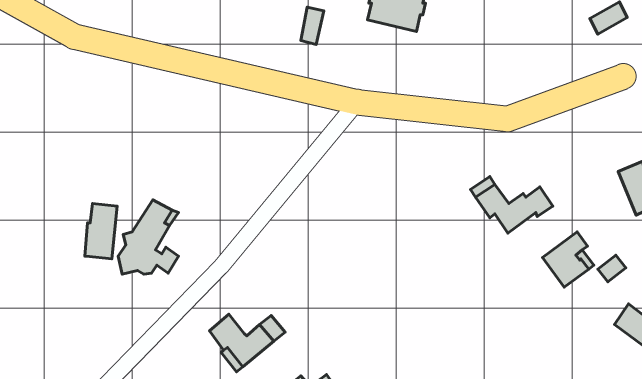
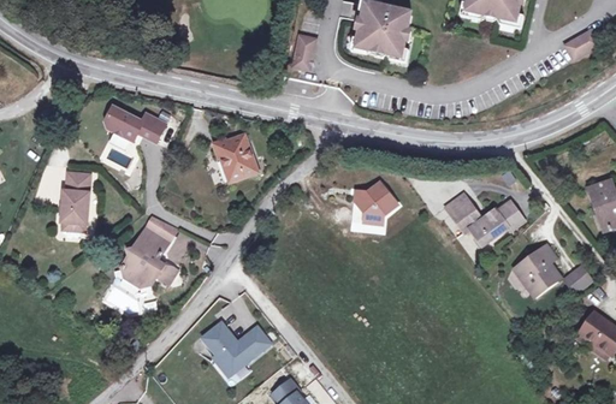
building: none -> [97,102,164,143]
building: none -> [214,135,257,182]
building: none -> [346,177,397,227]
building: [85,204,117,259] -> [60,171,90,222]

